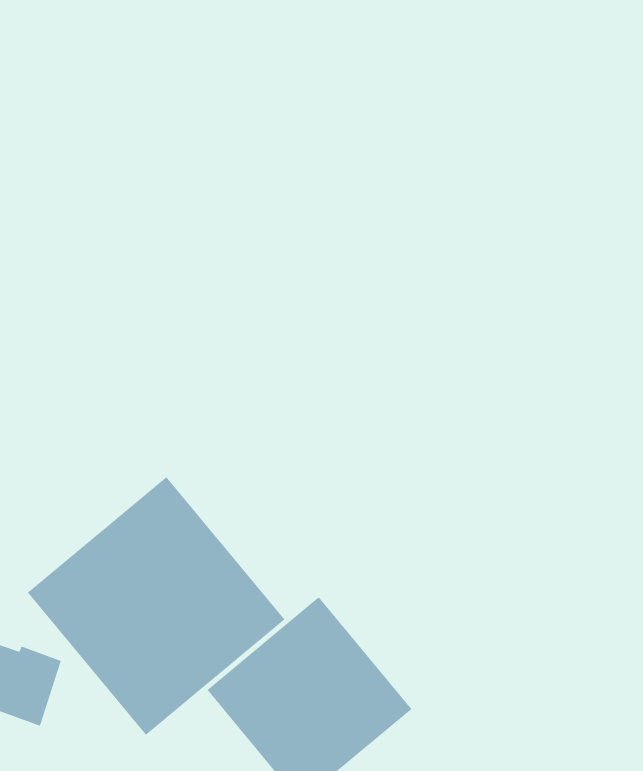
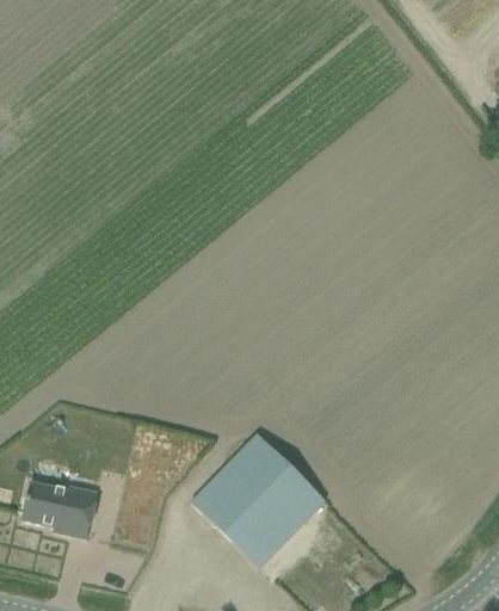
building: [27,476,286,736] -> none

